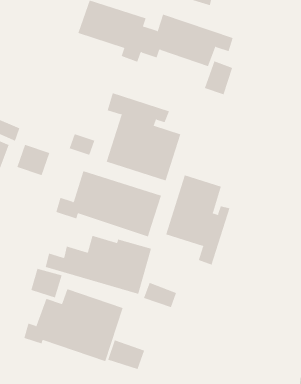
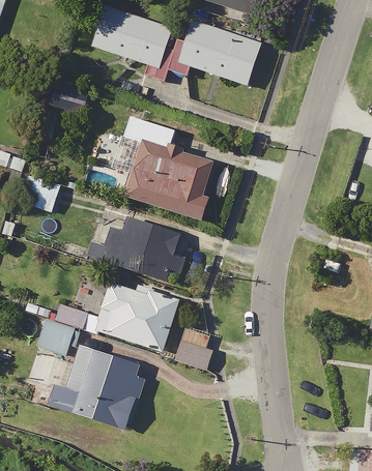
building: [204,61,233,95] -> none
building: [166,174,230,265] -> none
building: [108,340,145,370] -> none

